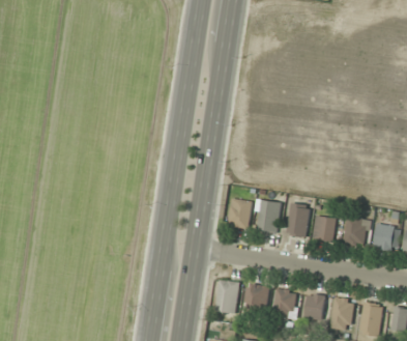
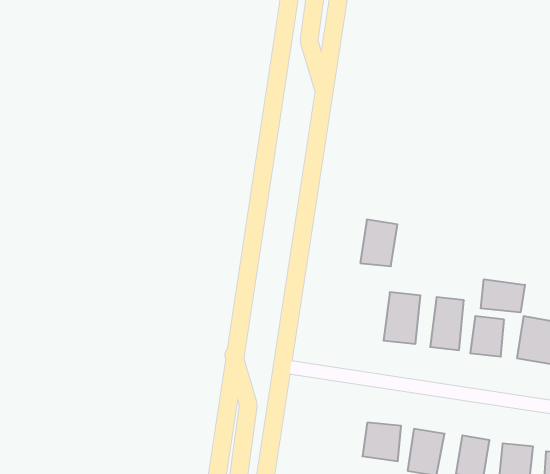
building: none -> [481,279,525,312]
building: [228,198,252,228] -> [360,220,397,266]
building: [215,280,238,313] -> none

